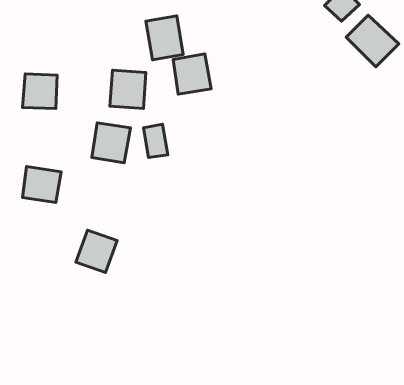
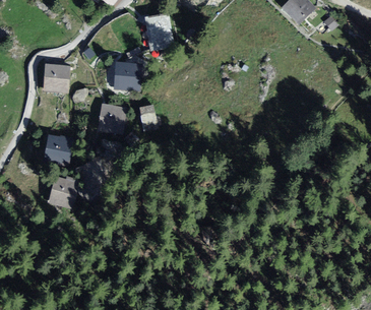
building: [346,15,399,67] -> none
building: [173,54,211,94] -> none
building: [76,230,117,273] -> [49,175,81,208]

